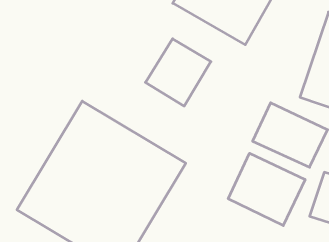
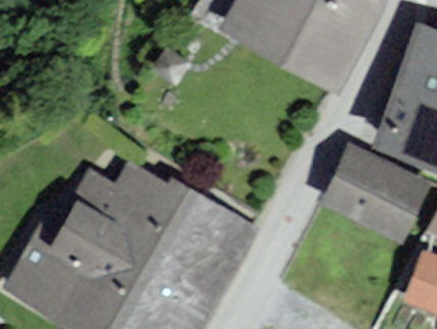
building: [145,39,211,106] -> none
building: [228,153,305,226] -> none

